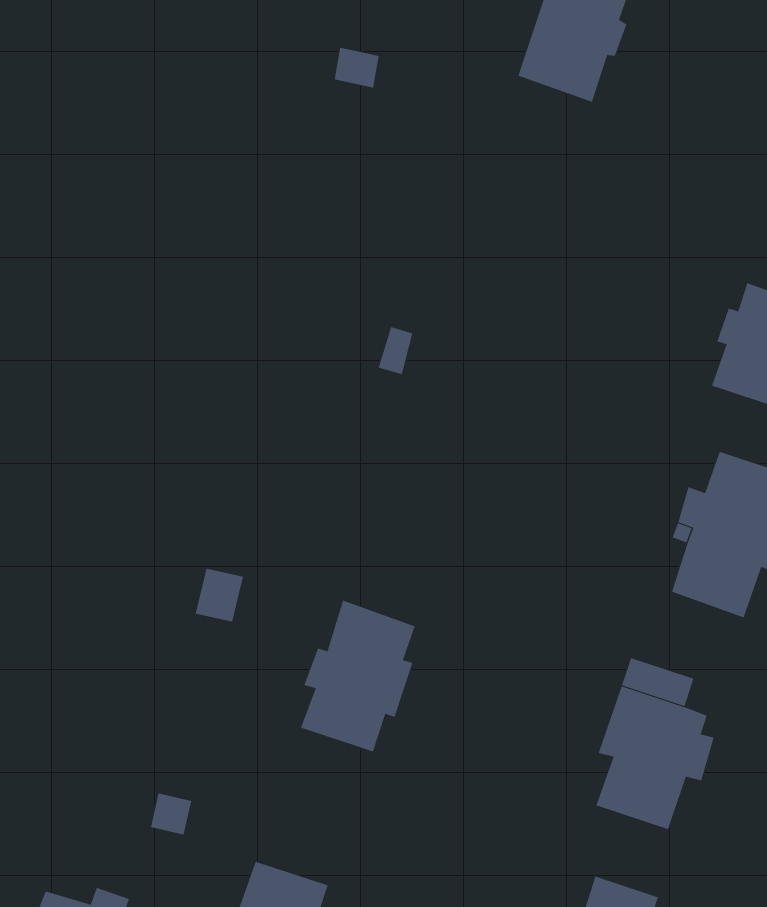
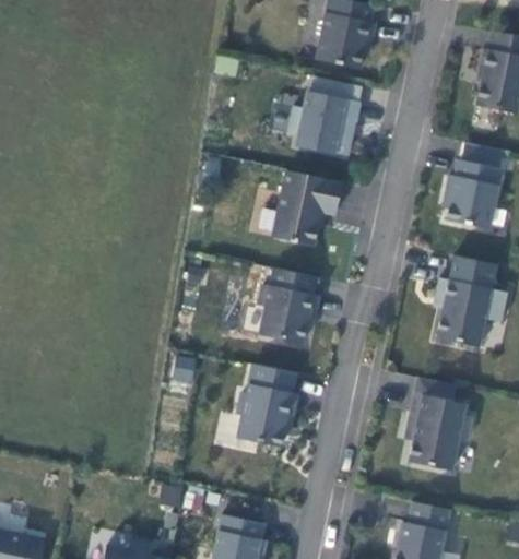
building: none -> [288,91,359,155]
building: none -> [273,170,343,246]
building: none -> [259,267,319,344]

